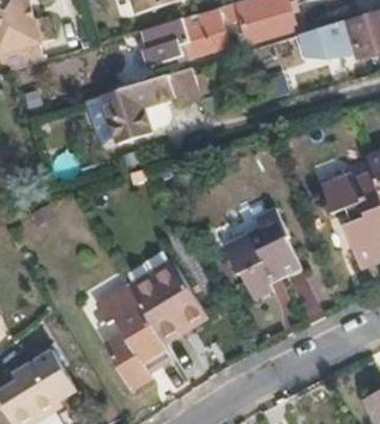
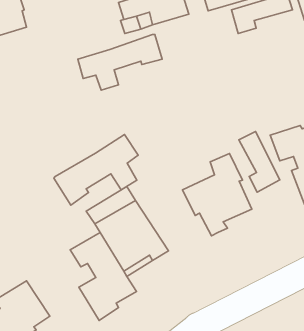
building: none -> [239,131,280,192]
building: none -> [54,134,138,205]

